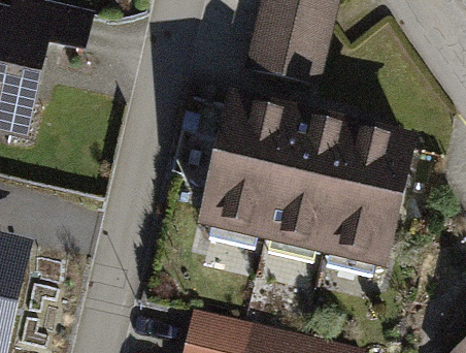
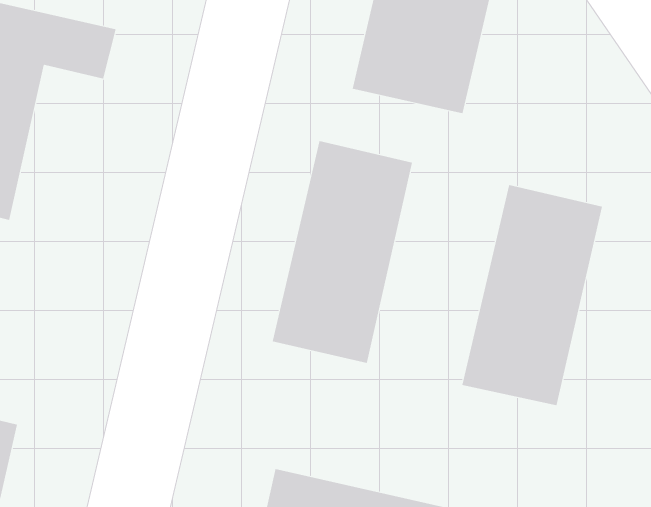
building: [259,110,352,257] -> none

